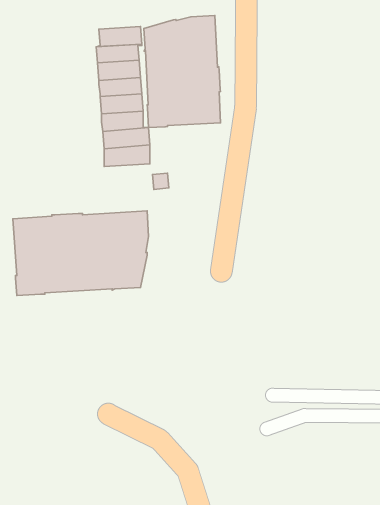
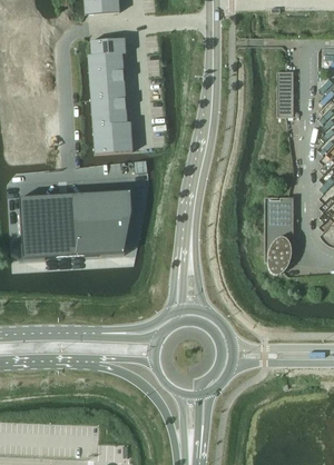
building: [144,15,221,127] -> none
building: none -> [277,71,294,116]
building: none -> [265,196,294,274]

